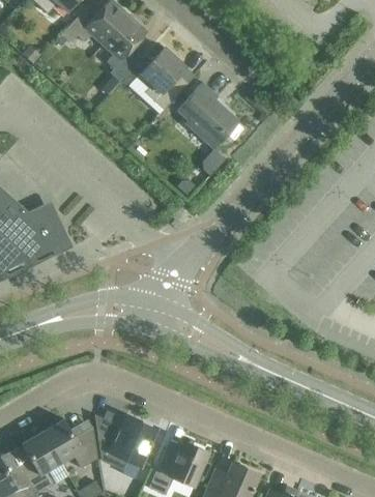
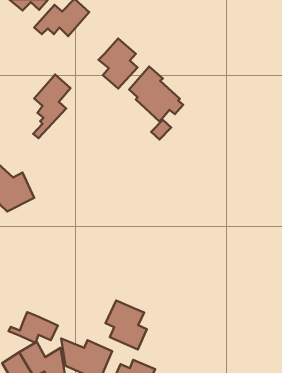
building: [100,17,146,94] -> [33,75,71,138]
building: none -> [106,300,147,349]
building: none -> [8,312,58,343]

